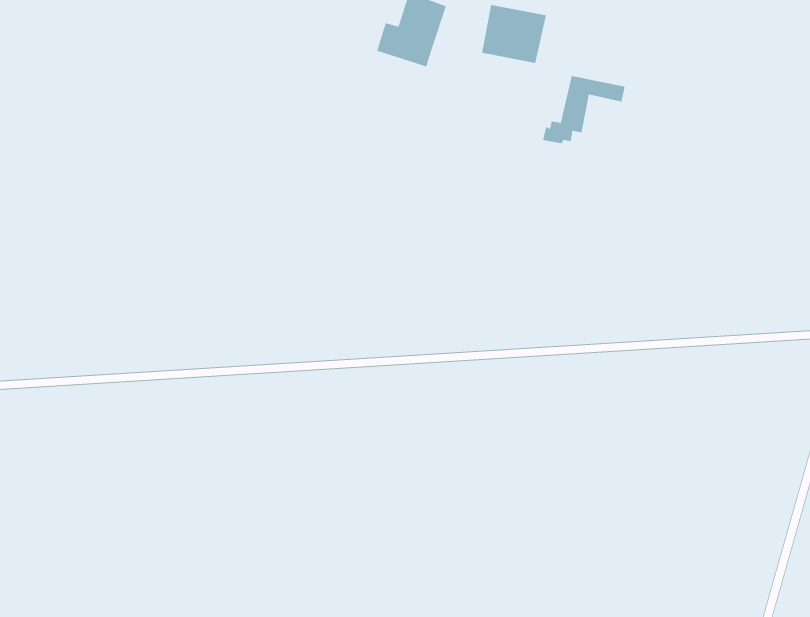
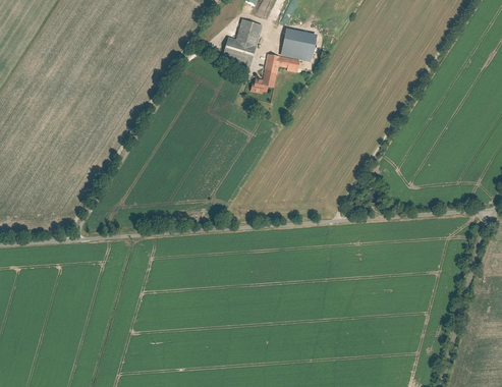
building: [542,75,626,144] -> [250,54,297,93]

